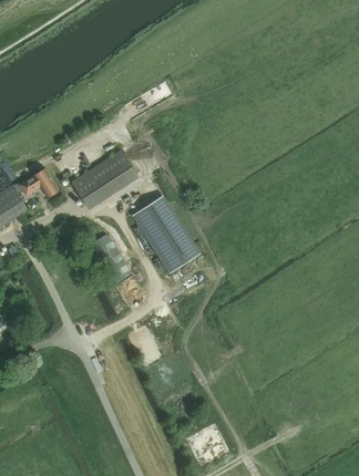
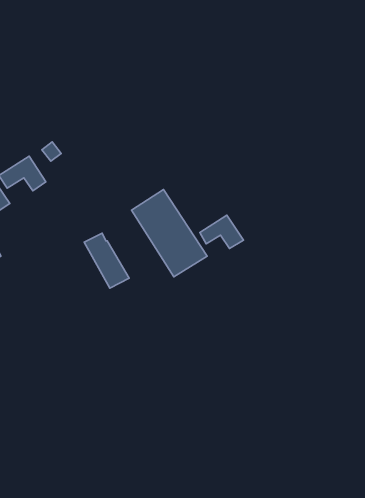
building: [71,151,136,207] -> none
building: none -> [200,215,244,249]

